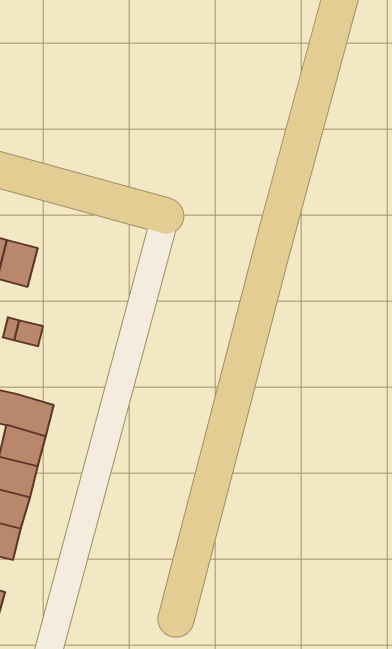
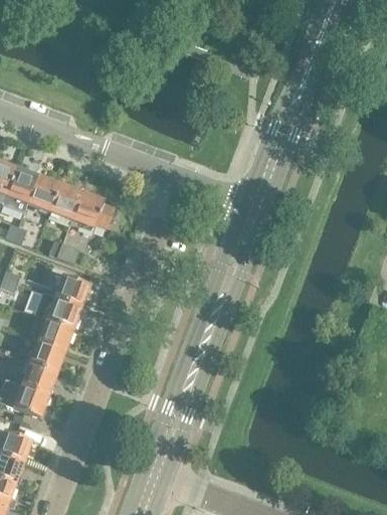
building: none -> [69,192,115,228]
building: none -> [54,275,89,308]

